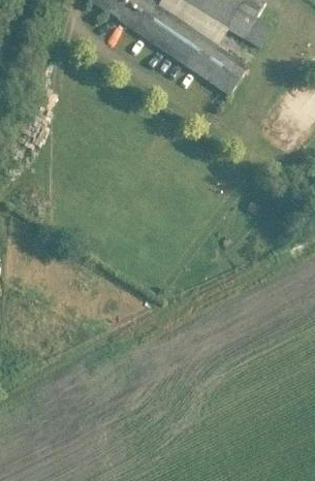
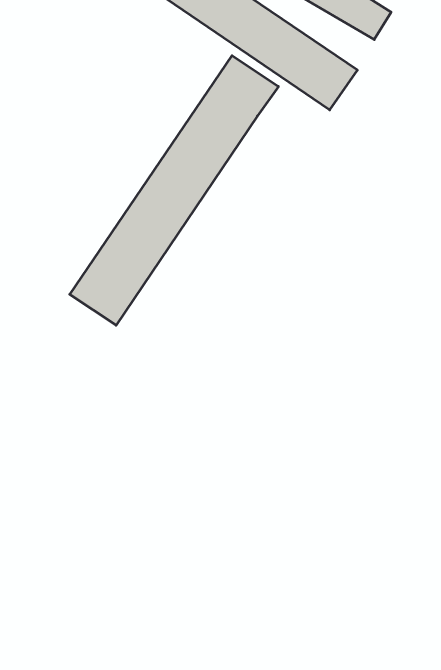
building: none -> [70,56,278,325]

